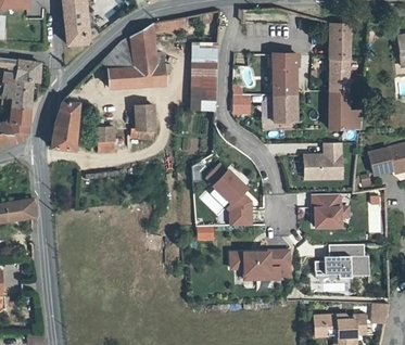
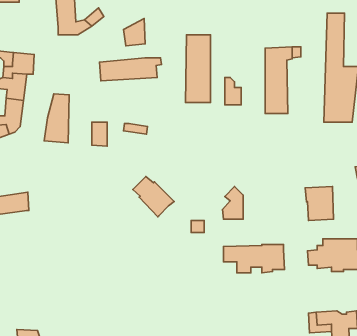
building: [101,36,152,69] -> none
building: [135,106,154,133] -> none
building: [304,142,341,178] -> none
building: [205,164,246,204] -> [133,176,174,217]

